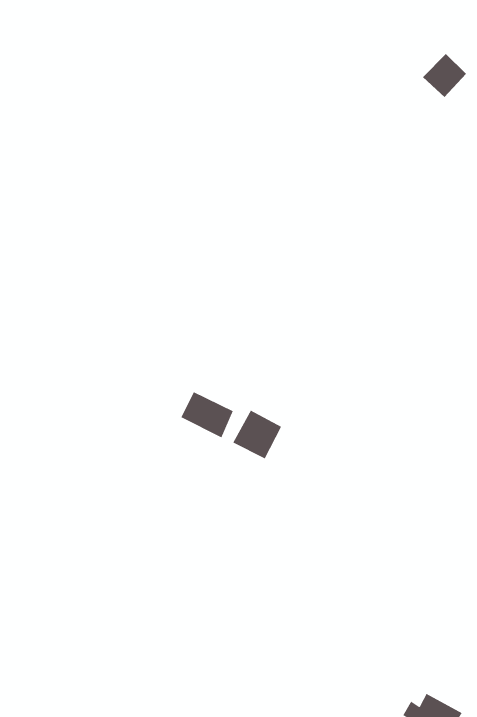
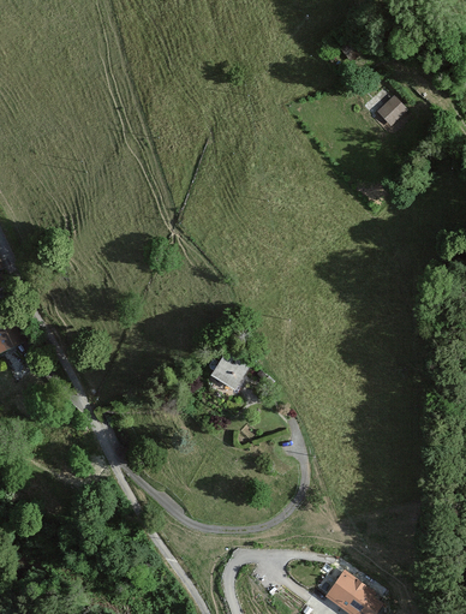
building: [180,391,234,439] -> none

